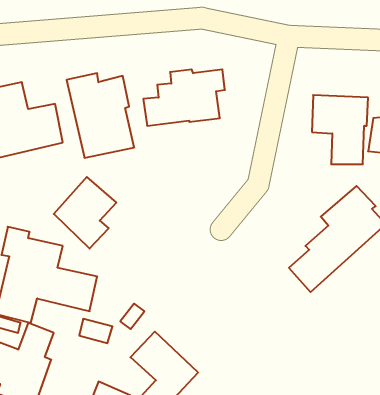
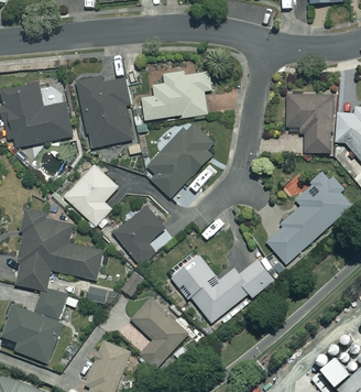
building: none -> [146,120,214,198]
building: none -> [113,205,165,264]
building: none -> [169,250,274,323]

